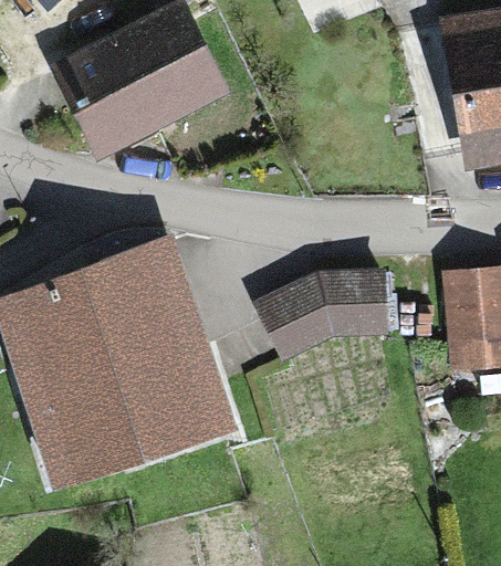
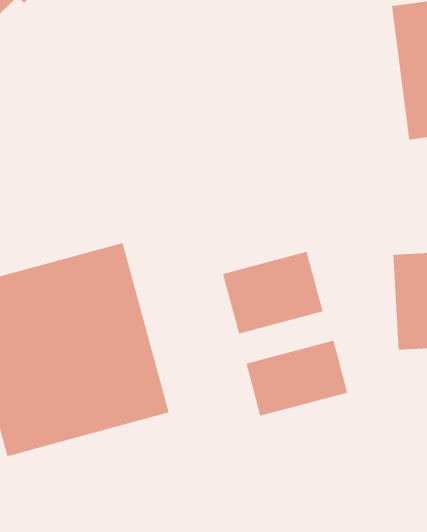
building: [66,11,219,150] -> none
building: none -> [246,340,348,417]

